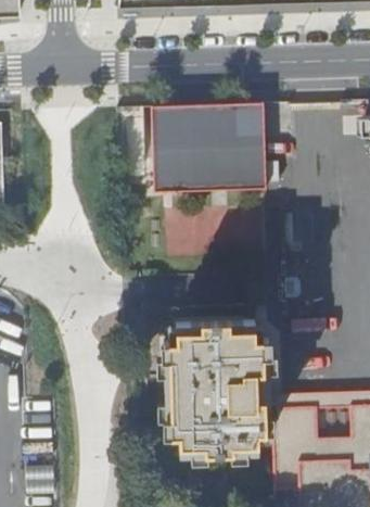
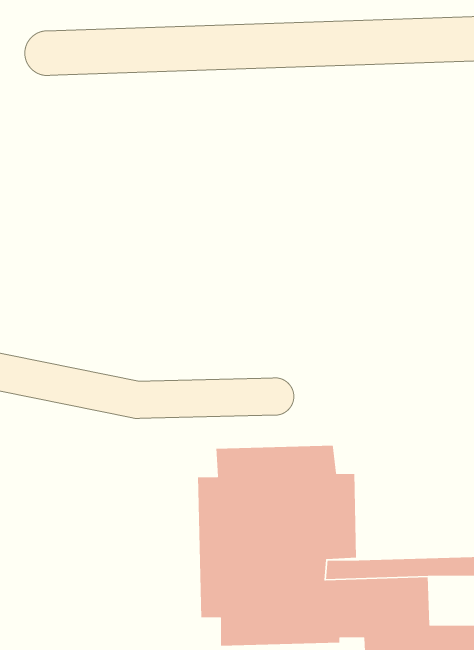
building: [152,92,267,193] -> none

